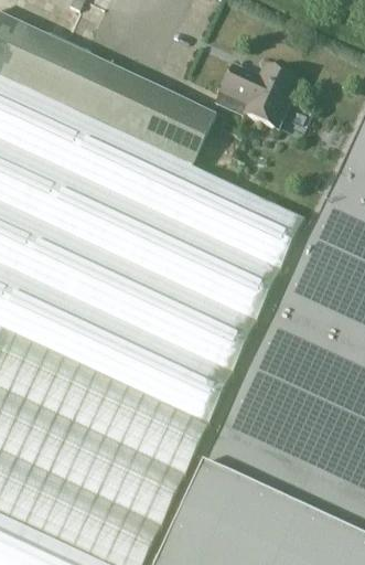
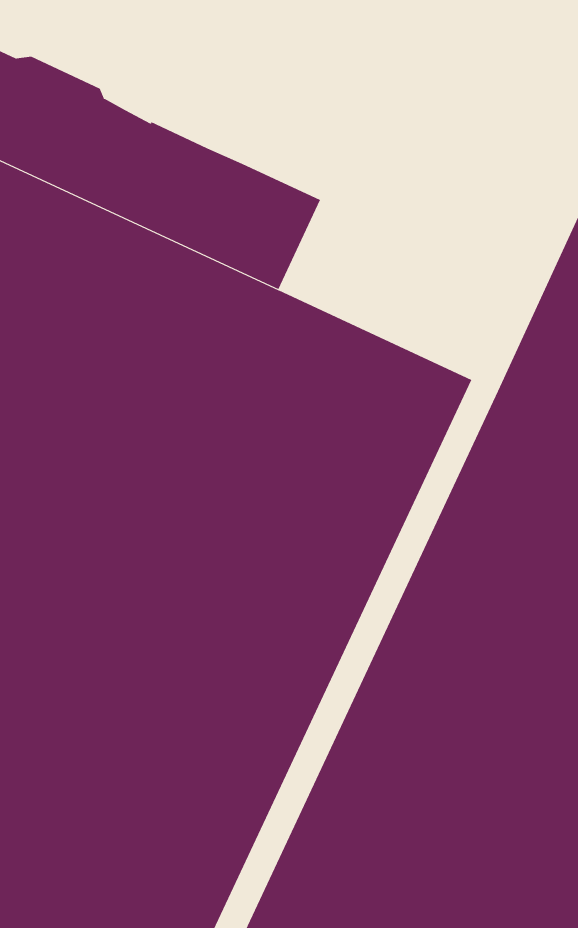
building: [221,65,298,128] -> none

